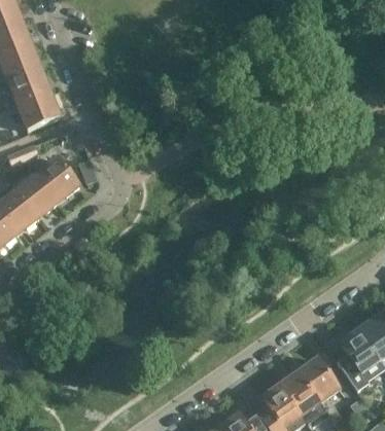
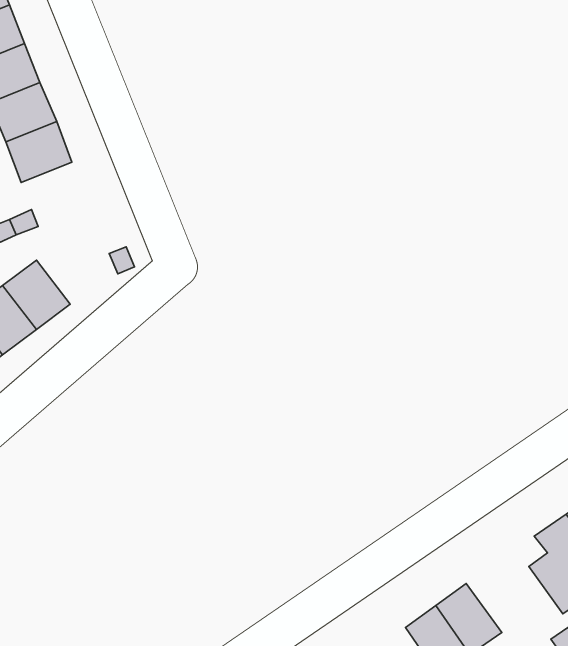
building: [37,158,78,202] -> none
building: [299,358,339,401] -> none

